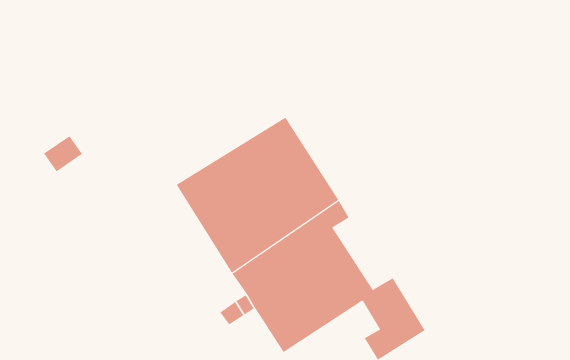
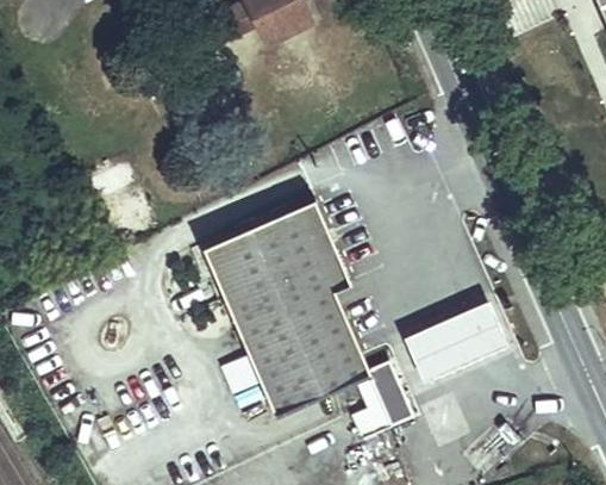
building: none -> [407,299,513,379]

